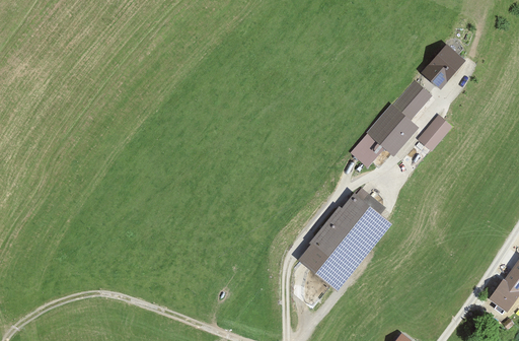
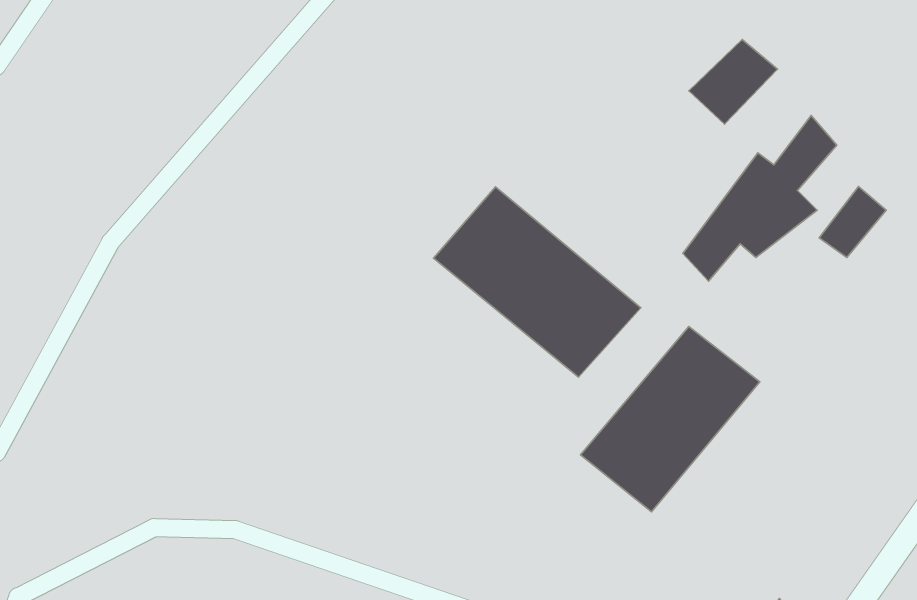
building: [423,46,468,89] -> [689,39,778,124]
building: none -> [434,187,641,377]

